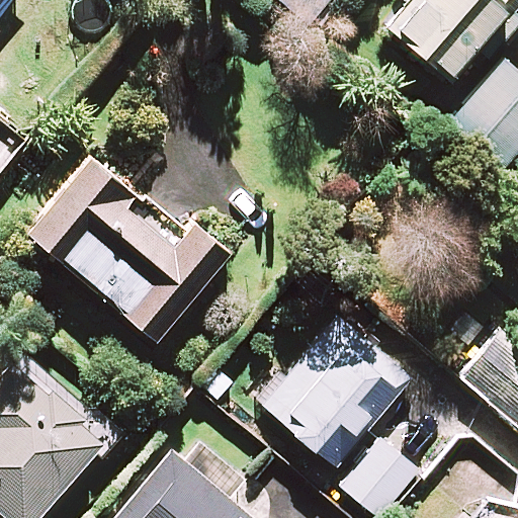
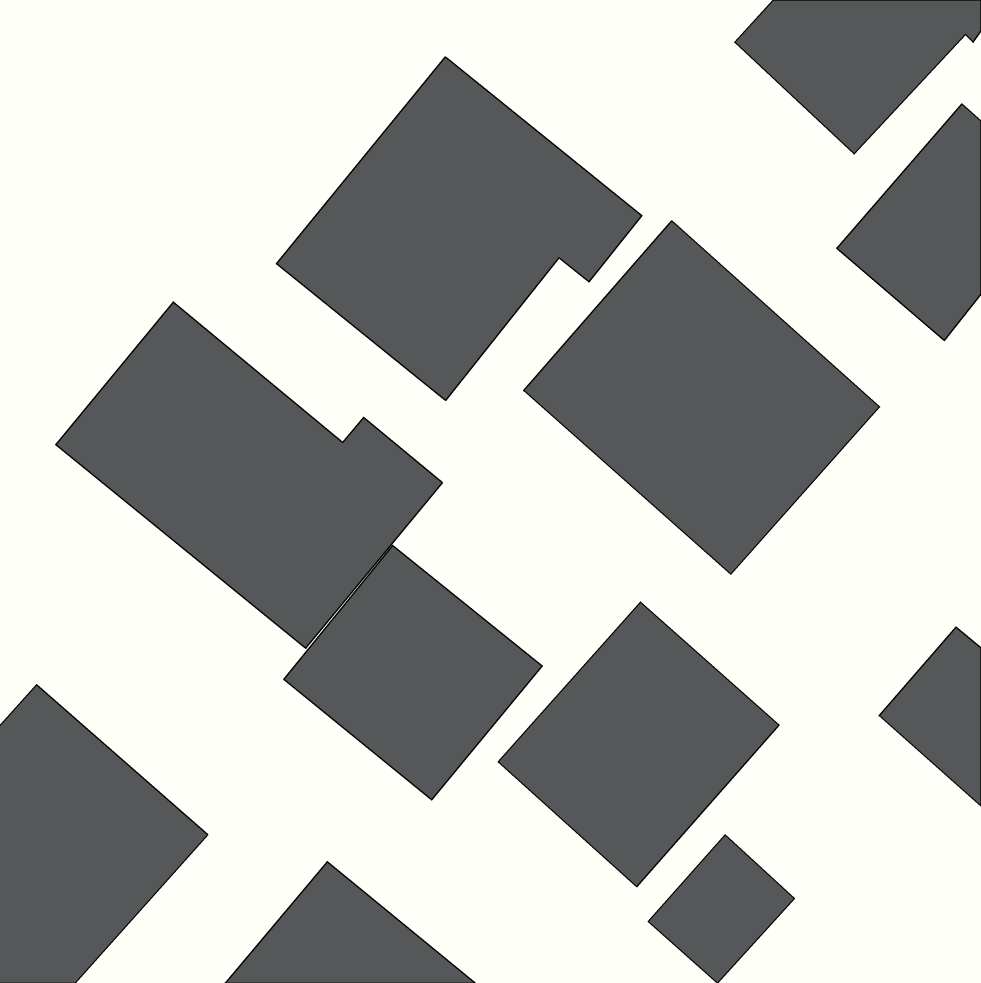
building: none -> [277,57,642,400]
building: none -> [524,221,880,574]
building: none -> [284,545,542,800]

